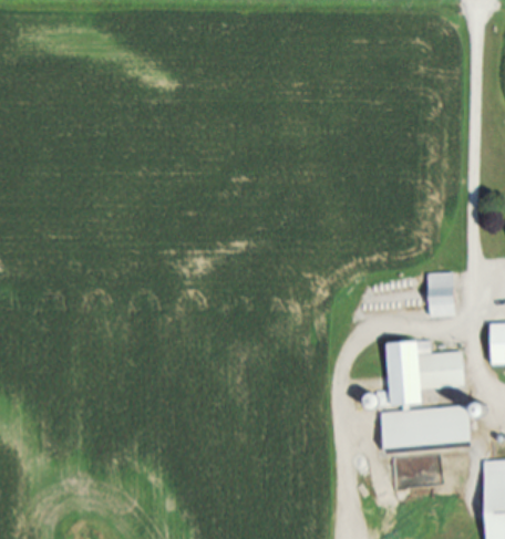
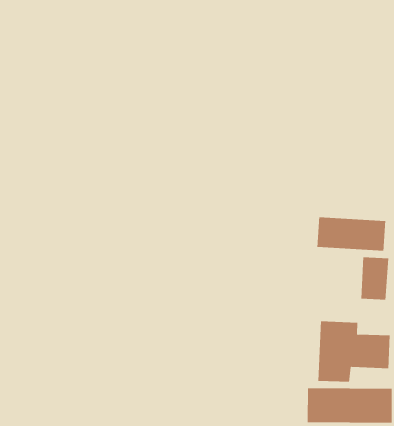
building: none -> [317,217,386,252]

